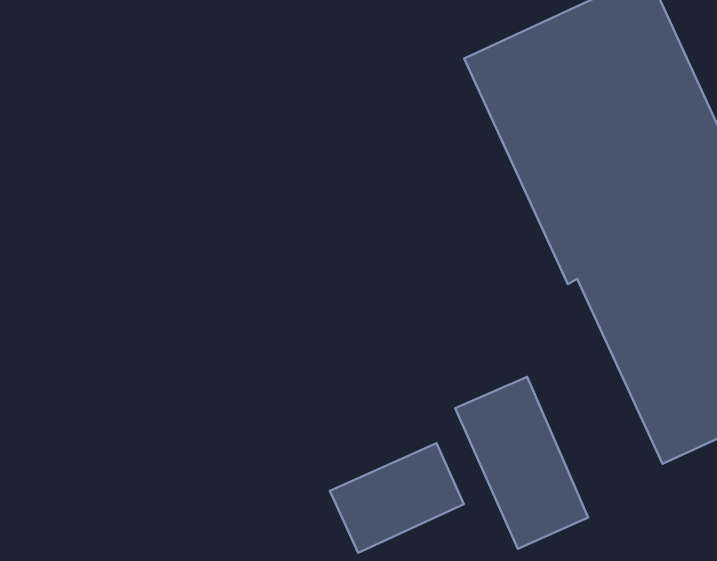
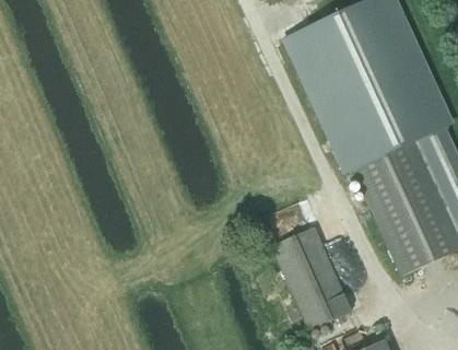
building: [330,443,464,553] -> none

